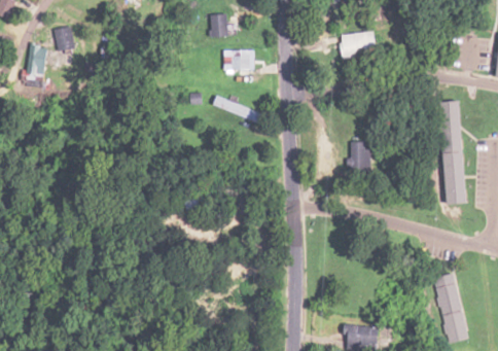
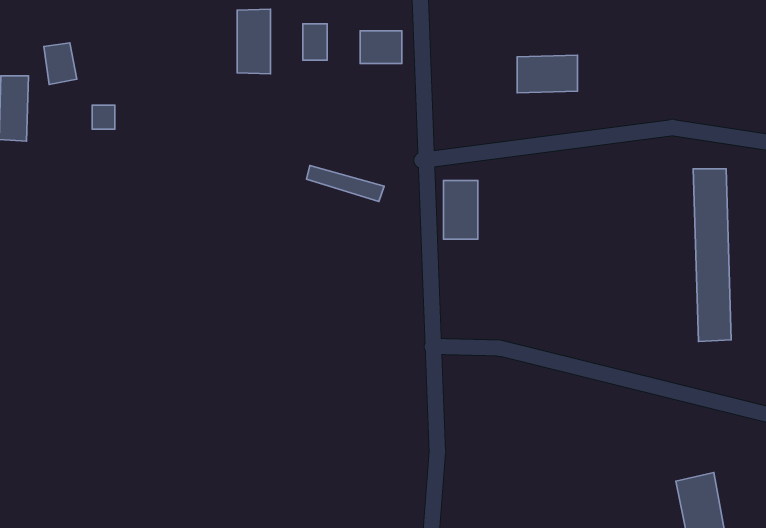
building: none -> [237,9,270,74]
building: [224,50,249,70] -> [360,31,402,64]
building: [350,141,370,176] -> [443,180,478,239]

